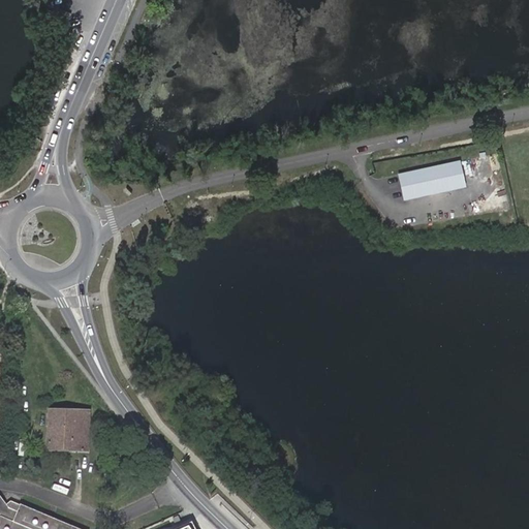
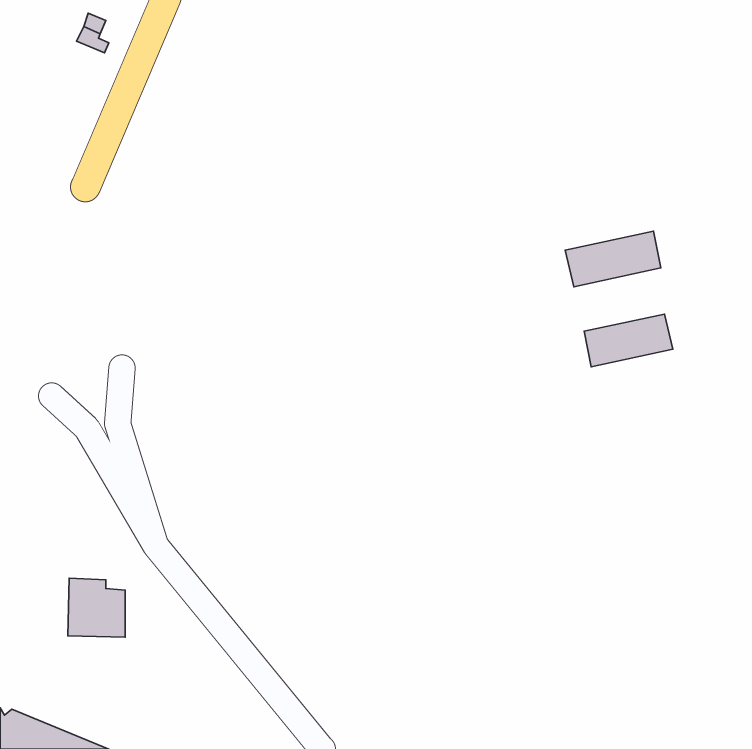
building: none -> [584,314,673,367]

